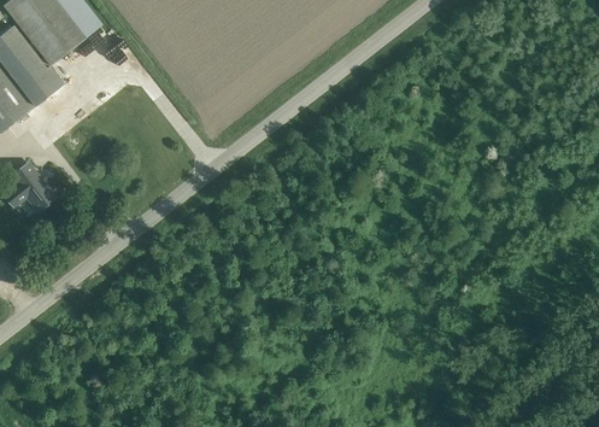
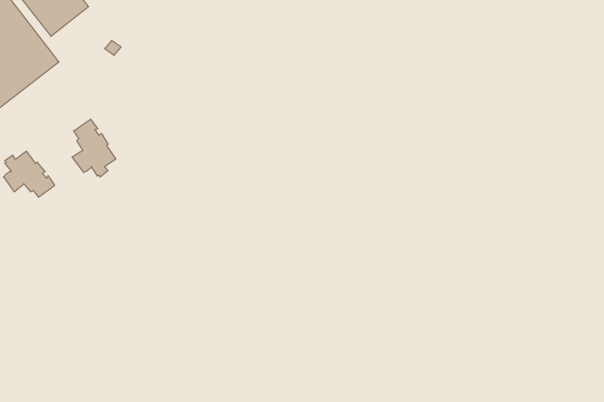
building: none -> [72,119,116,177]

